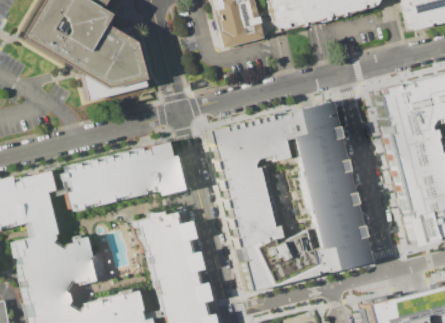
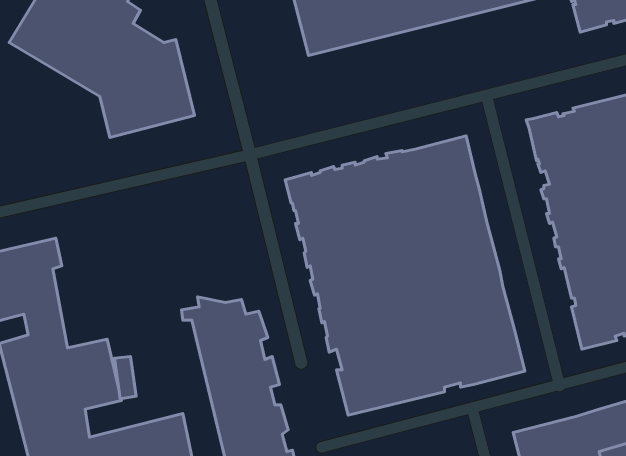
building: [62,141,186,213] -> none

